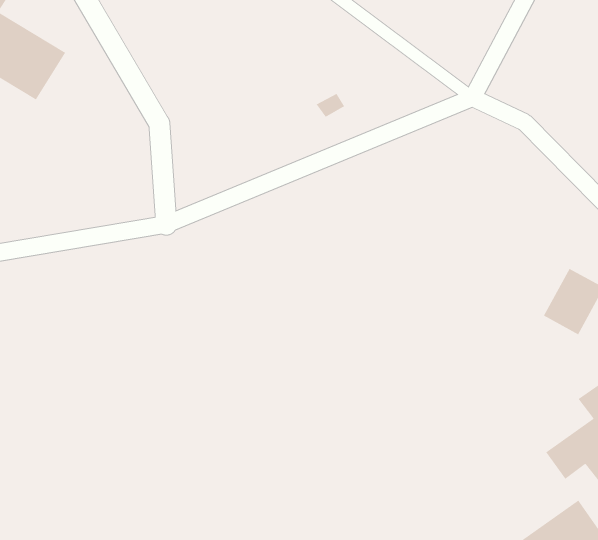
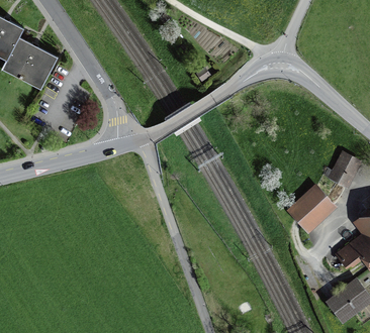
building: none -> [285,185,335,233]

